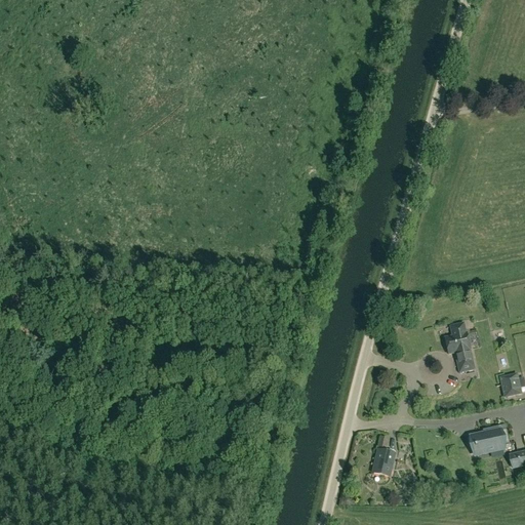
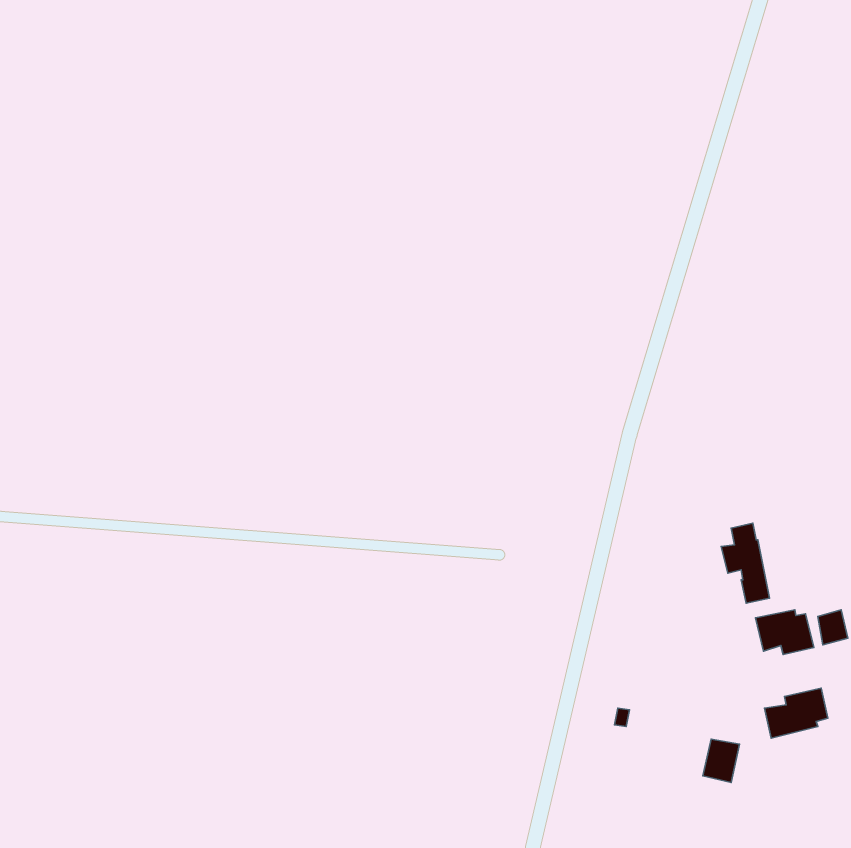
building: none -> [756,610,814,655]
building: [372,449,395,476] -> [703,739,740,782]

